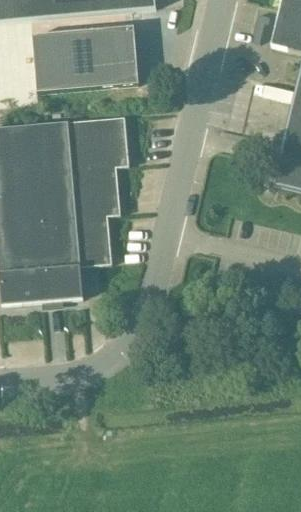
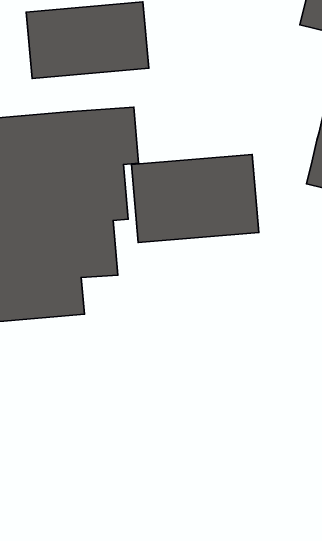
building: none -> [131,154,259,243]

